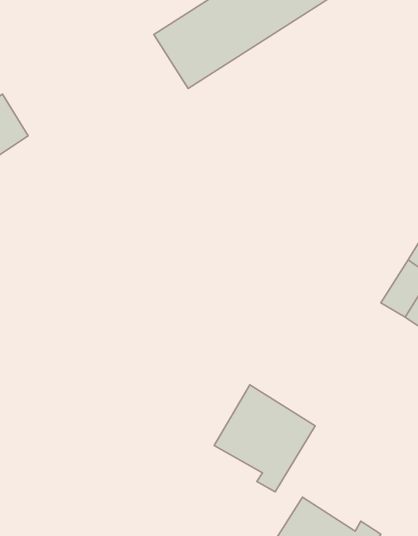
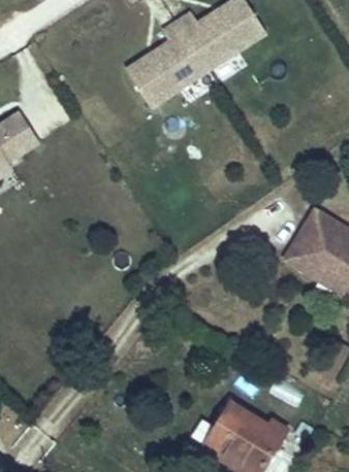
building: [214,385,315,492] -> none

